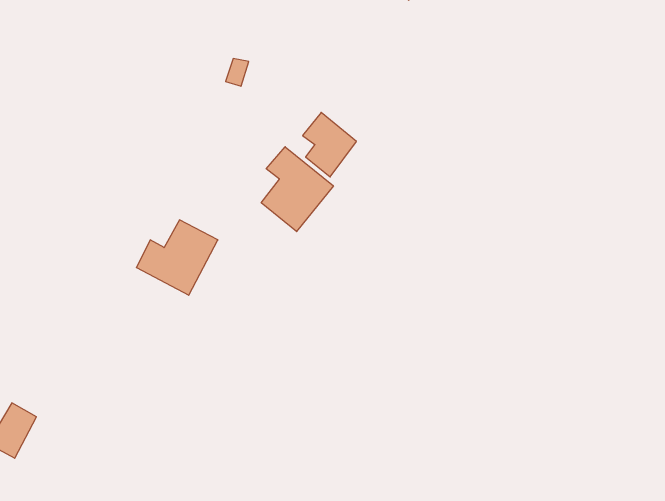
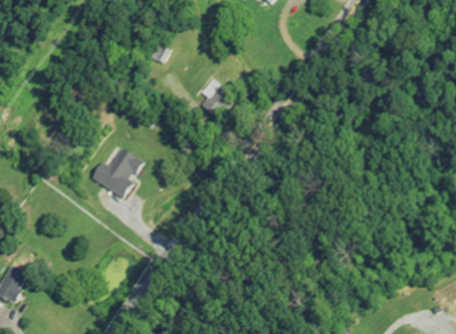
building: [261,147,333,232] -> none

